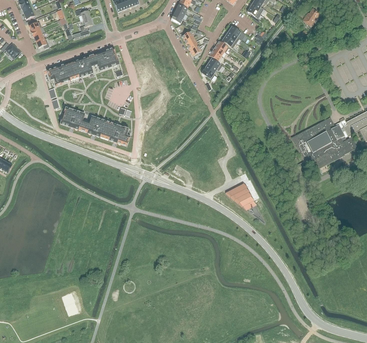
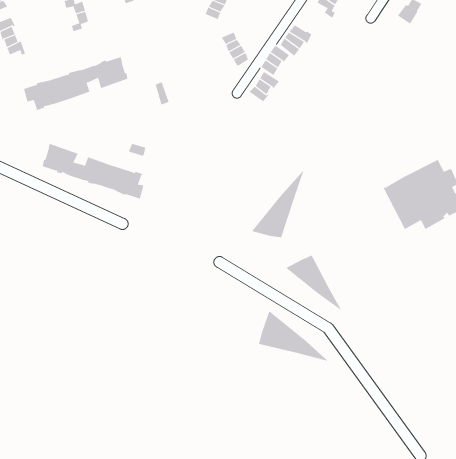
building: none -> [251,168,305,238]
building: none -> [259,310,330,362]

